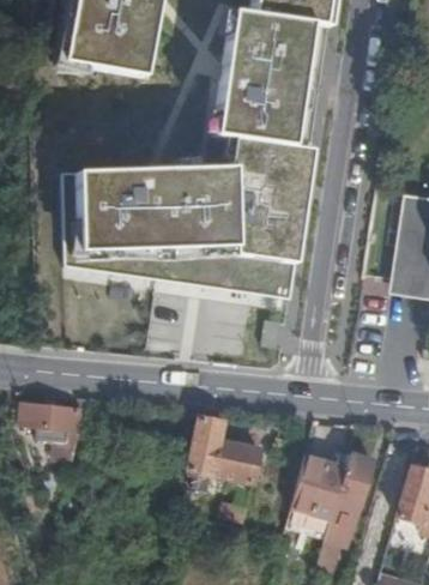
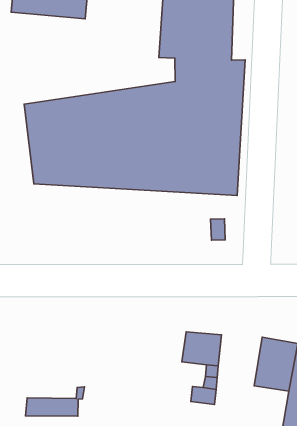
building: [20,399,90,432] -> [26,387,85,416]
building: [189,420,225,493] -> none

